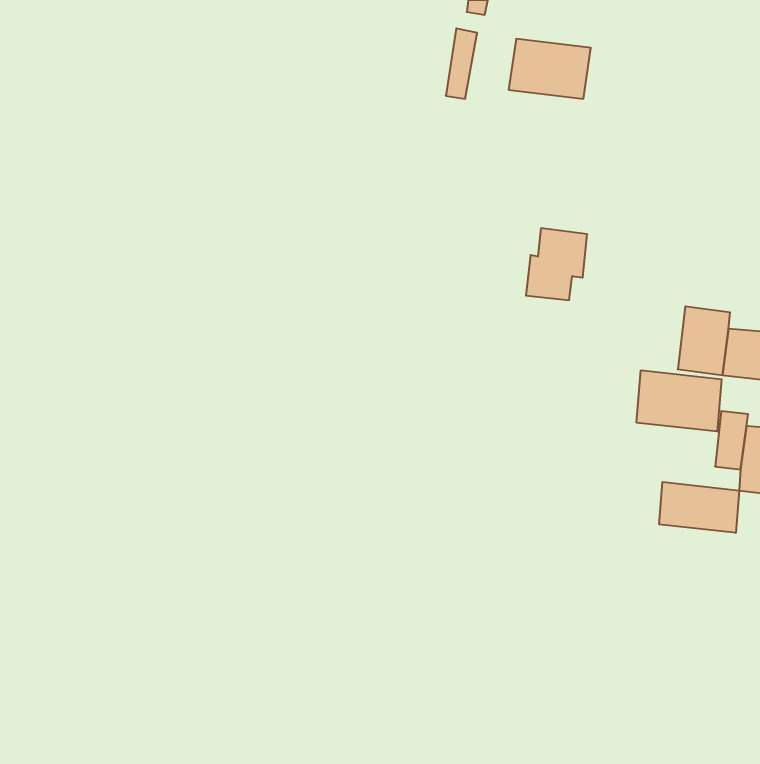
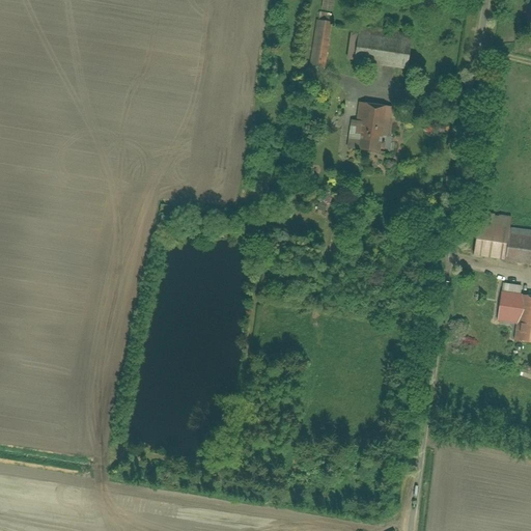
building: [526,228,587,300] -> [350,102,392,151]
building: [637,370,722,432] -> none
building: [659,482,739,533] -> none

